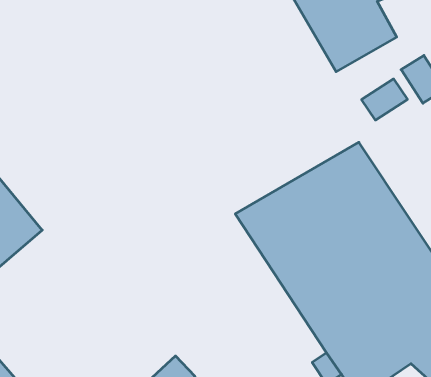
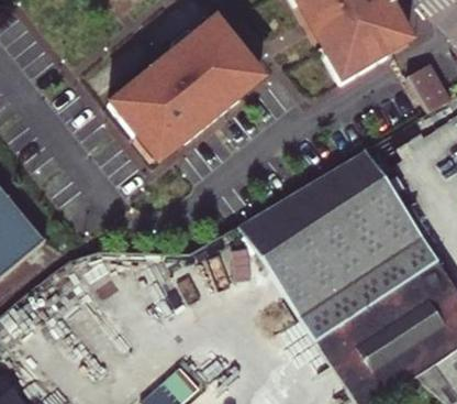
building: none -> [102,22,255,156]
building: [362,79,407,120] -> none

